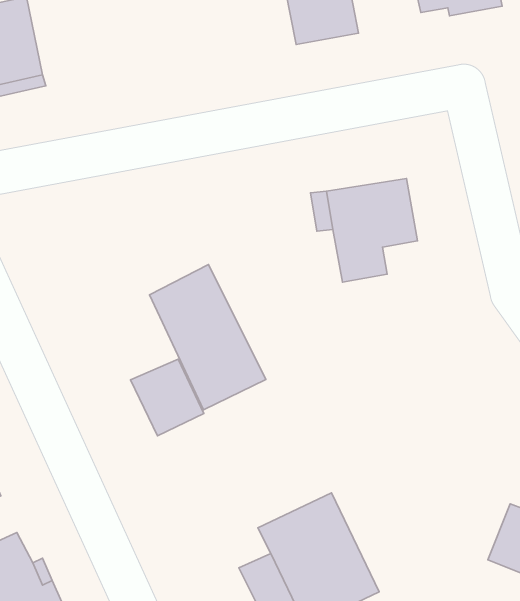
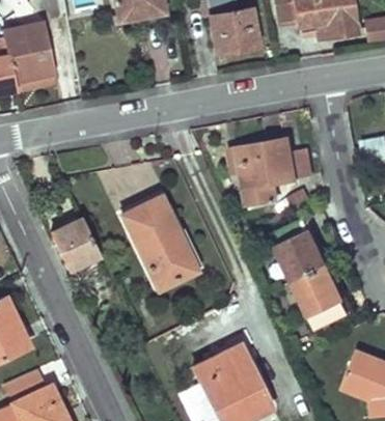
building: none -> [271,218,351,329]
building: [130,359,204,436] -> [52,220,100,270]

